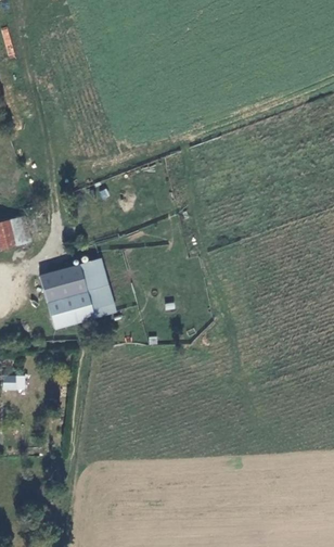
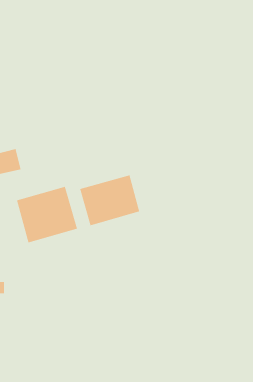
building: none -> [80,175,140,226]

